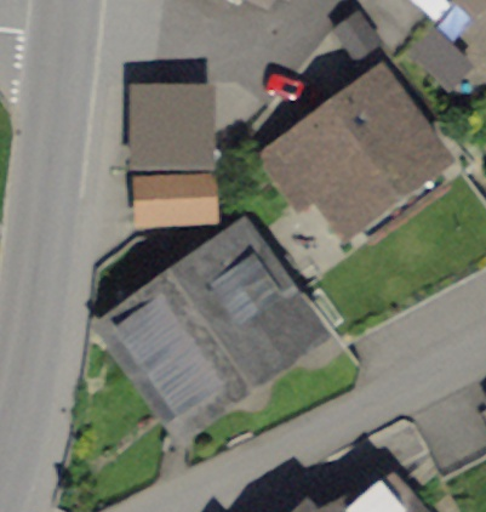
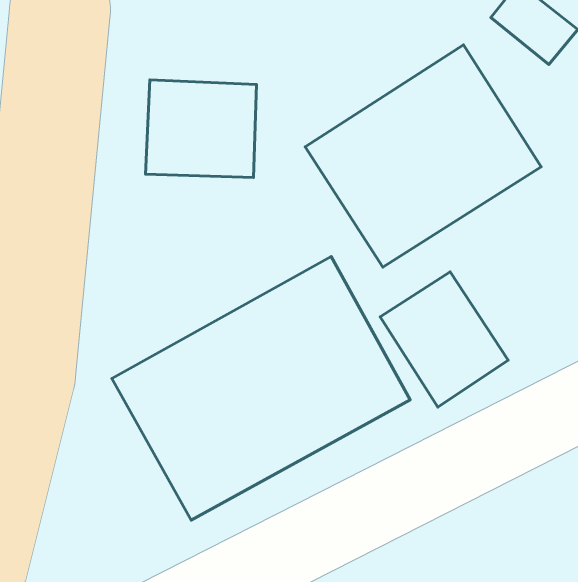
building: [131,161,221,220] -> none
building: none -> [380,272,508,407]

